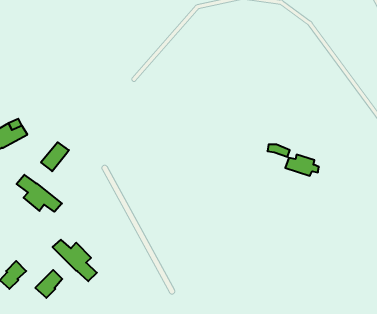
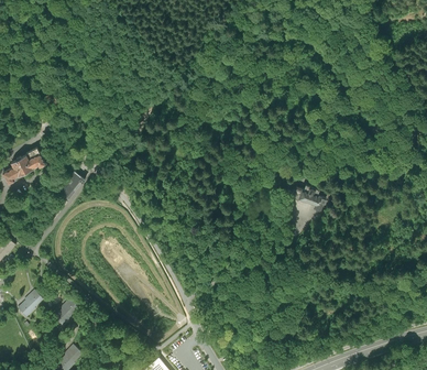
building: [17,175,62,212] -> none
building: [53,240,97,281] -> none

